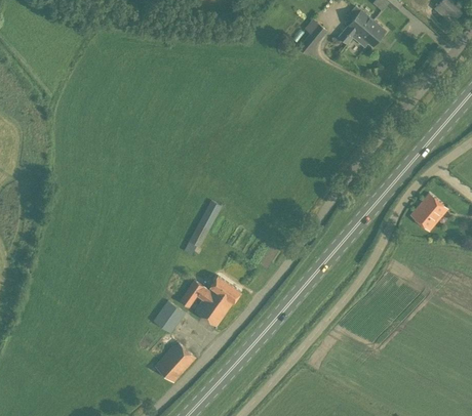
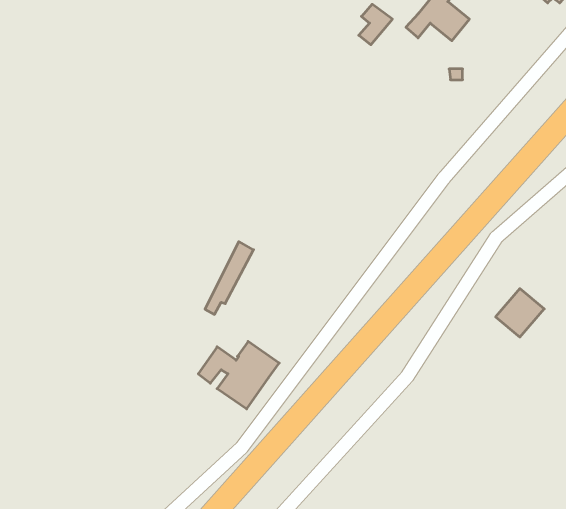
building: [409,194,446,231] -> [496,289,544,337]
building: [152,298,185,334] -> none
building: [154,341,195,383] -> none

